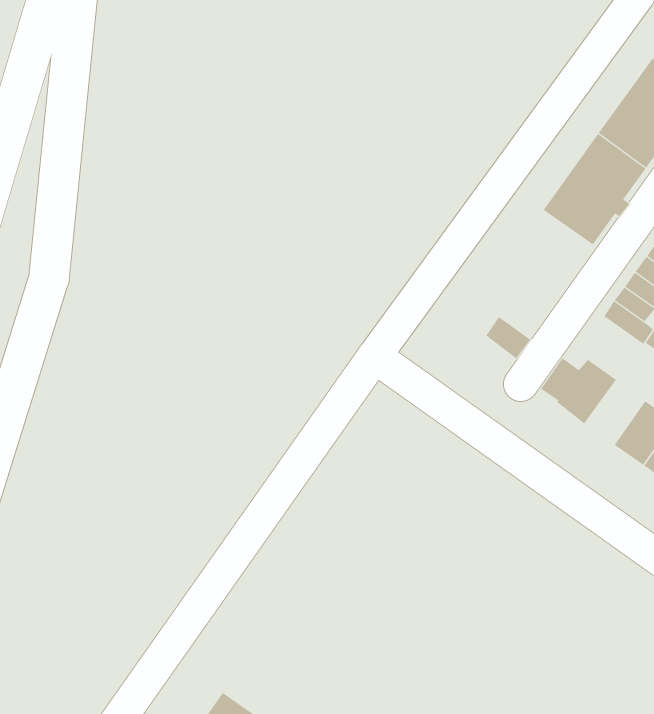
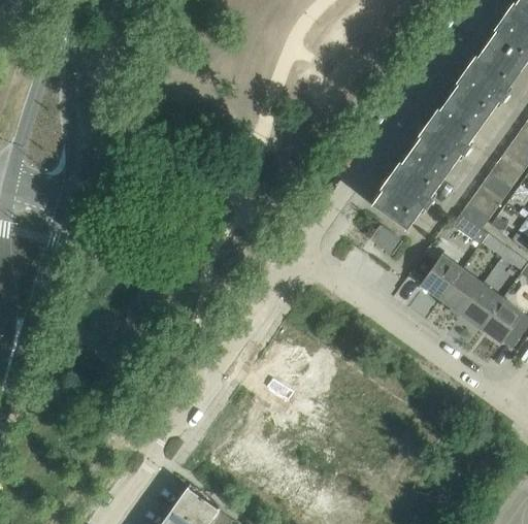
building: none -> [371,151,446,230]
building: none -> [439,269,482,315]

